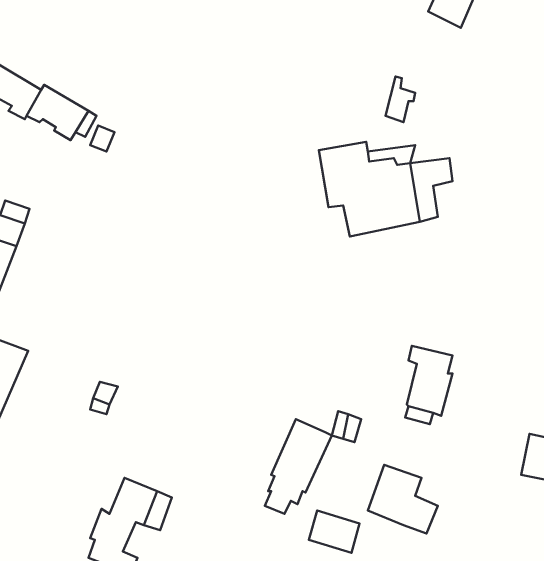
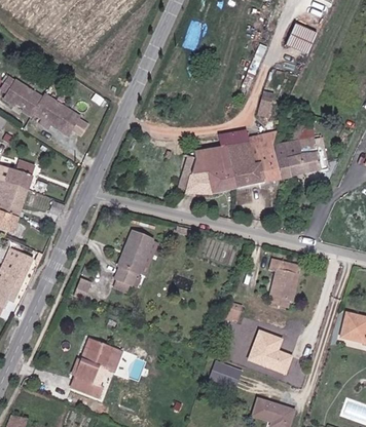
building: none -> [288,137,330,176]
building: none -> [174,145,235,195]
building: [265,419,332,514] -> [113,231,155,290]

